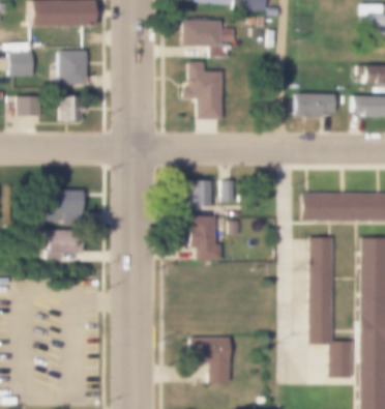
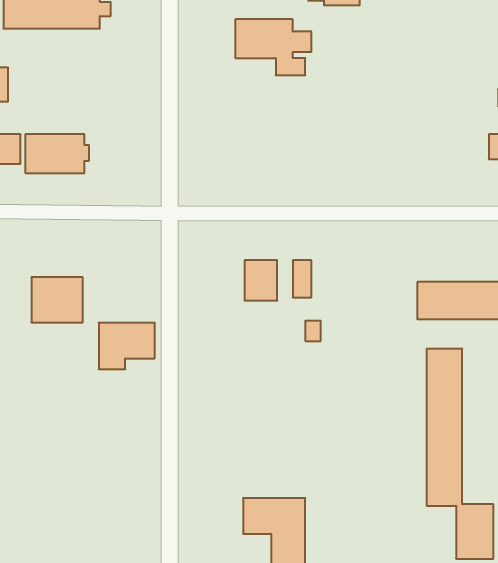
building: [58,51,85,85] -> none
building: [183,60,220,118] -> none
building: [296,93,334,116] -> none
building: [189,215,219,261] -> none
building: [45,228,82,259] -> [99,323,155,369]

